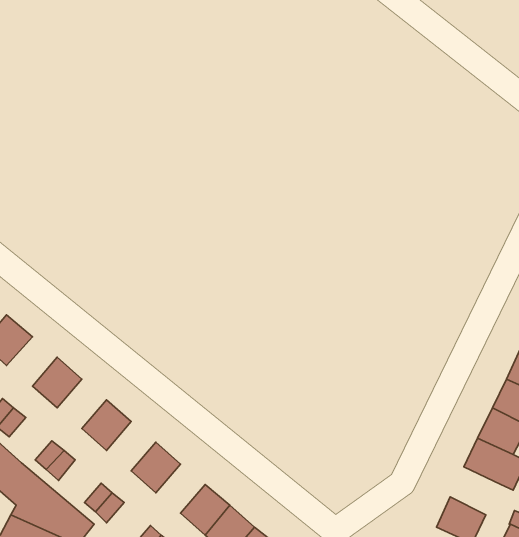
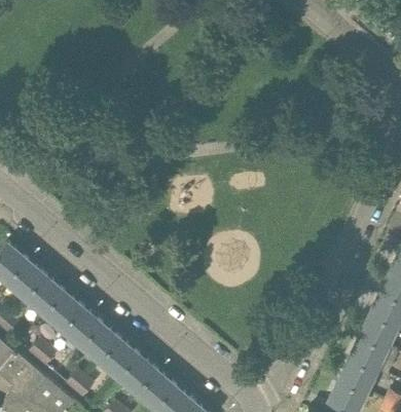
building: none -> [6,260,44,297]
building: none -> [41,292,81,329]
building: none -> [81,324,118,361]
building: none -> [118,355,155,392]
building: none -> [339,358,377,394]

